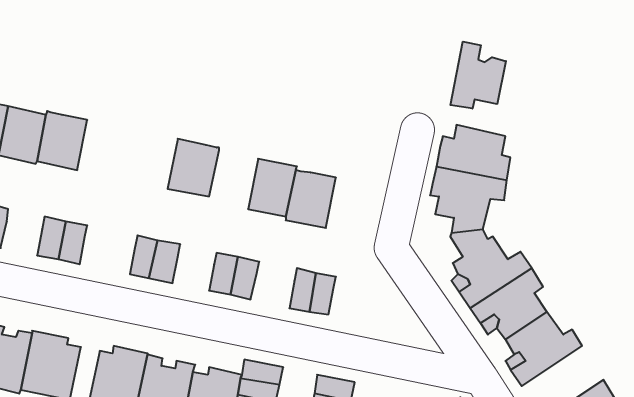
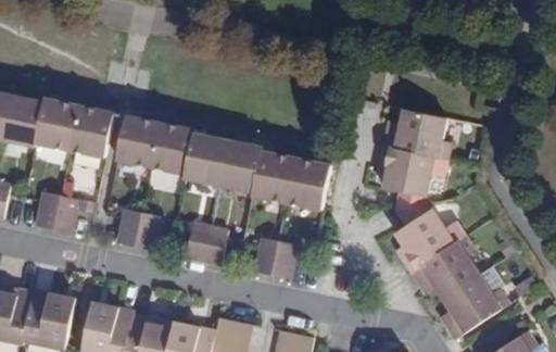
building: [450,42,506,109] -> none
building: none -> [71,108,114,158]
building: none -> [116,117,157,167]
building: none -> [185,134,227,185]
building: none -> [286,158,330,209]

